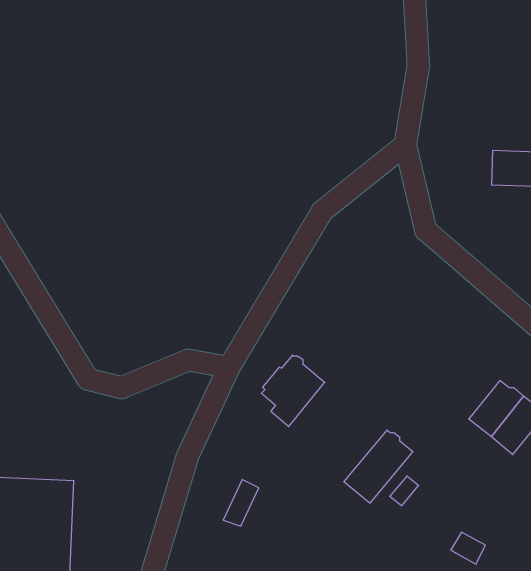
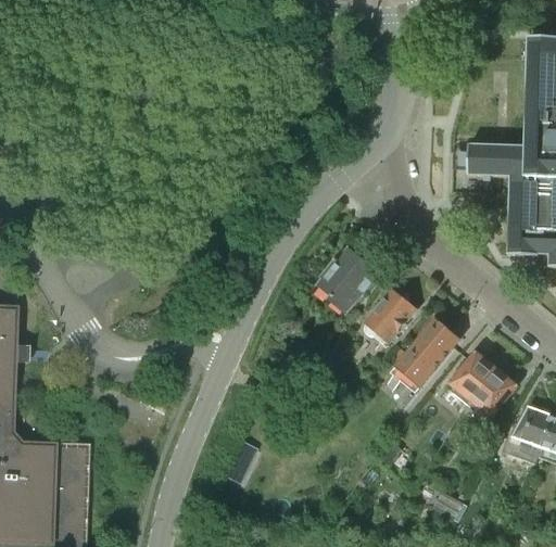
building: none -> [366,289,417,342]
building: [261,355,325,427] -> [320,249,378,314]
building: [344,430,413,503] -> [397,319,460,385]

